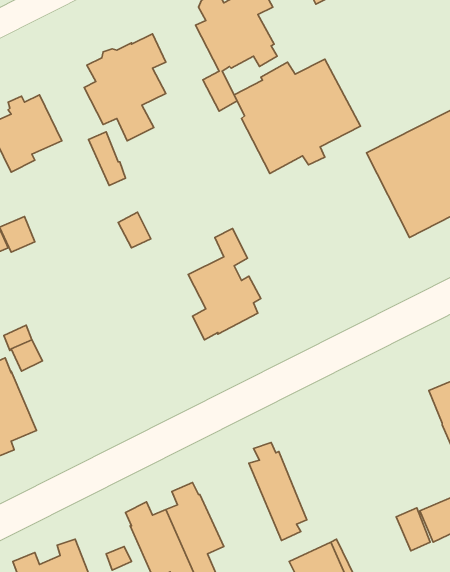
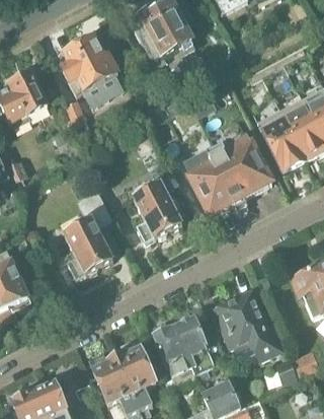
building: [234,59,360,174] -> [185,137,271,215]
building: none -> [66,190,115,276]
building: none -> [215,294,284,360]
building: none -> [154,321,196,387]

